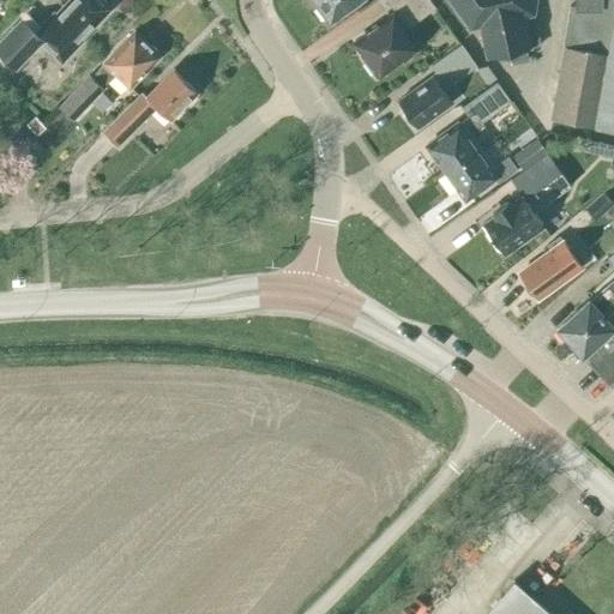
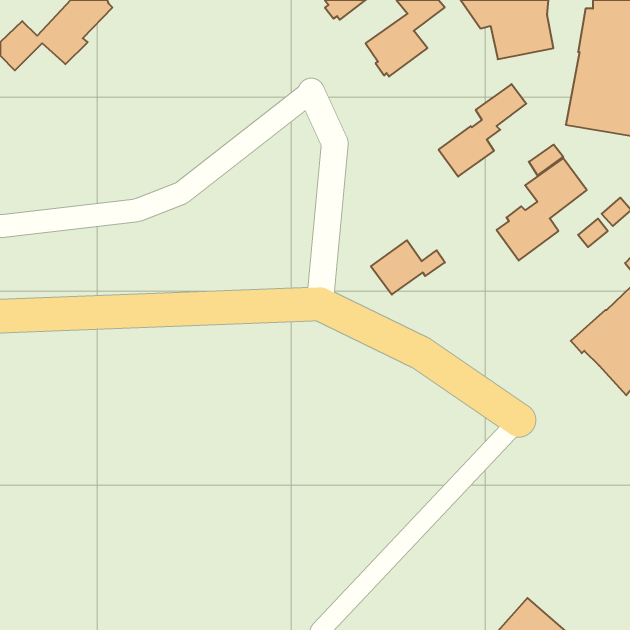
building: [60,32,161,121] -> none
building: [398,65,457,131] -> none
building: [103,70,198,148] -> none
building: [446,148,518,200] -> [371,240,445,295]
building: [519,237,580,300] -> none

